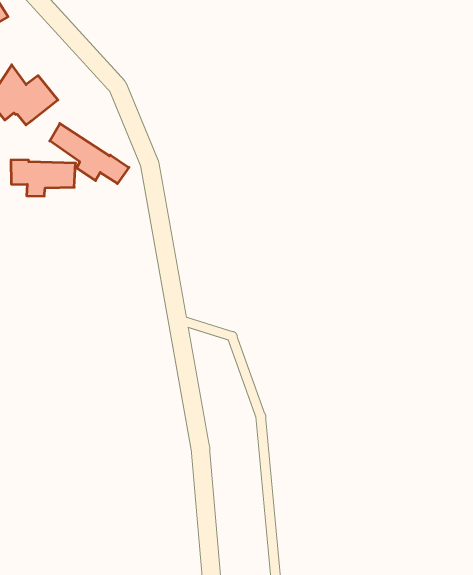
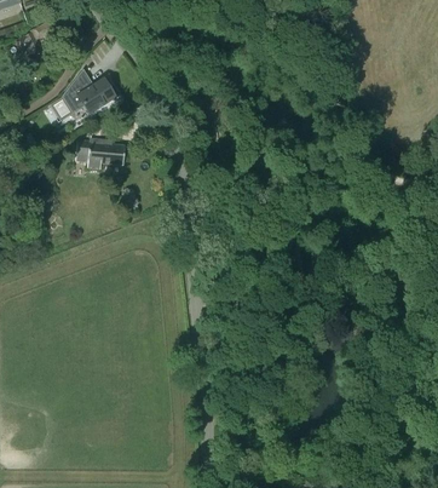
building: [50,123,129,184] -> none

